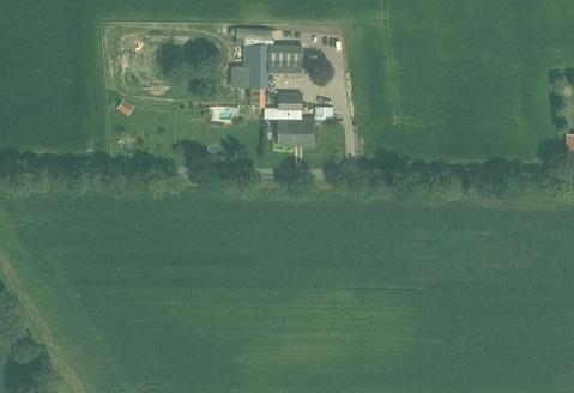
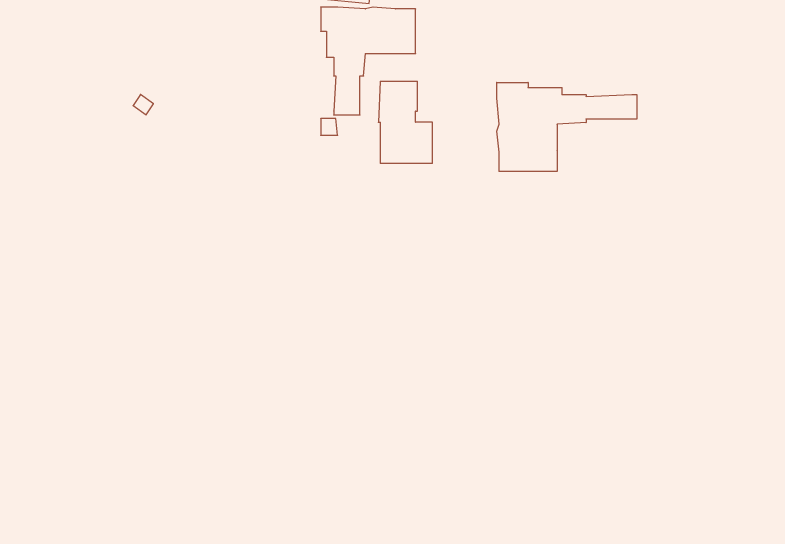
building: none -> [497,82,637,171]

